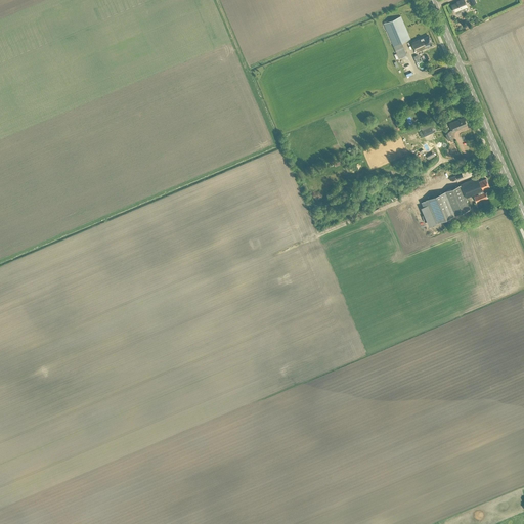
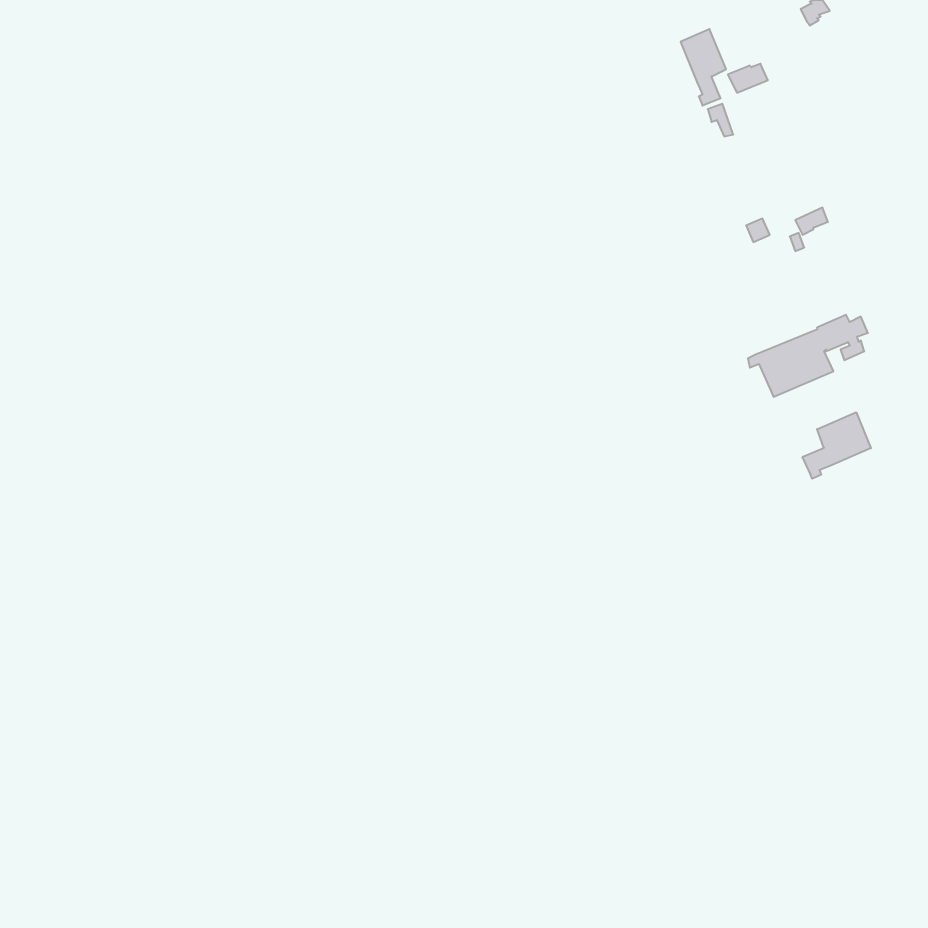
building: none -> [803,412,871,479]

